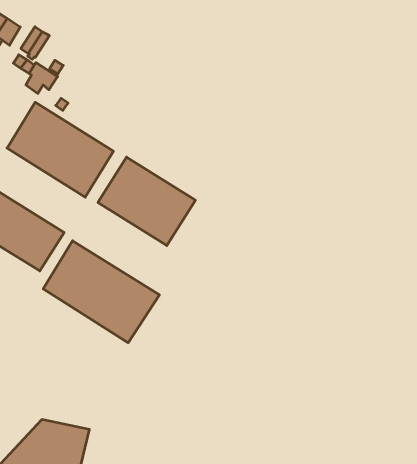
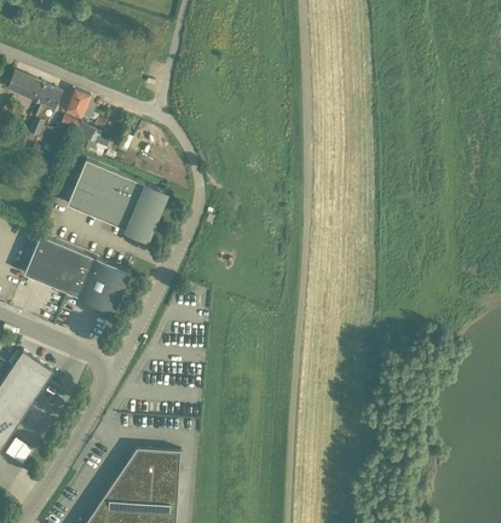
building: [98,157,195,246] -> none
building: [43,241,159,343] -> none

